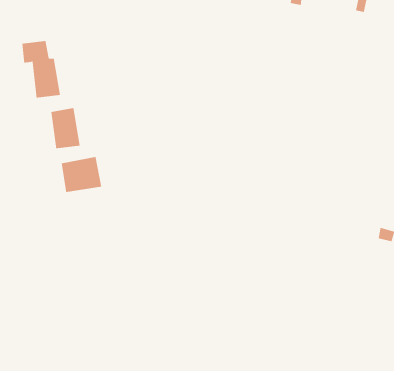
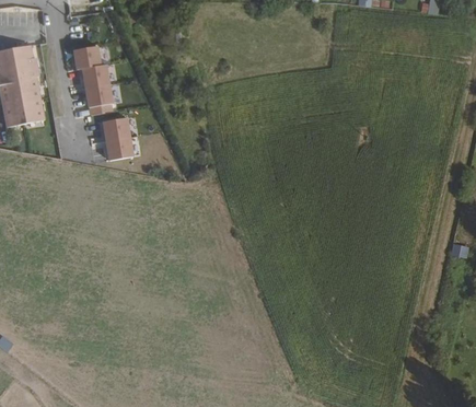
building: [61,156,102,193] -> none

